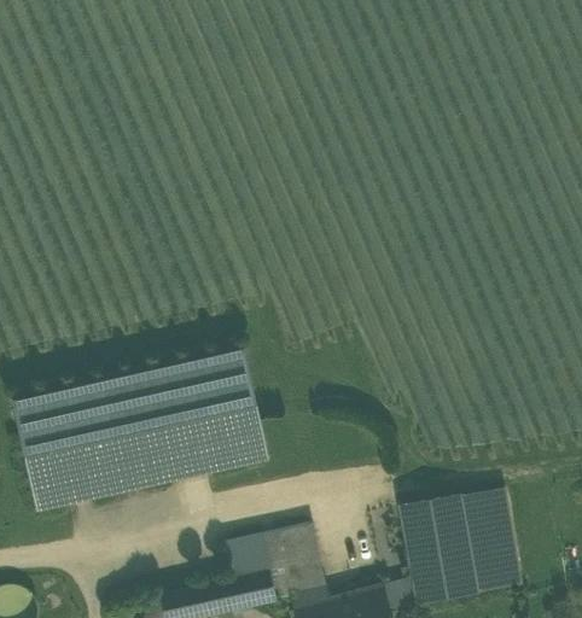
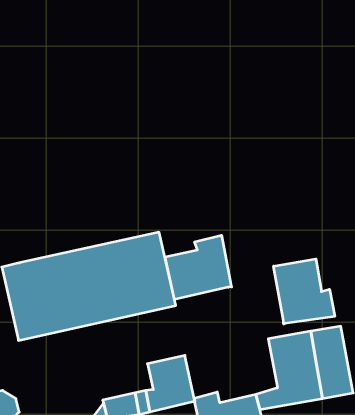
building: none -> [165,235,232,300]
building: none -> [274,259,335,324]
building: [279,524,326,593] -> none

